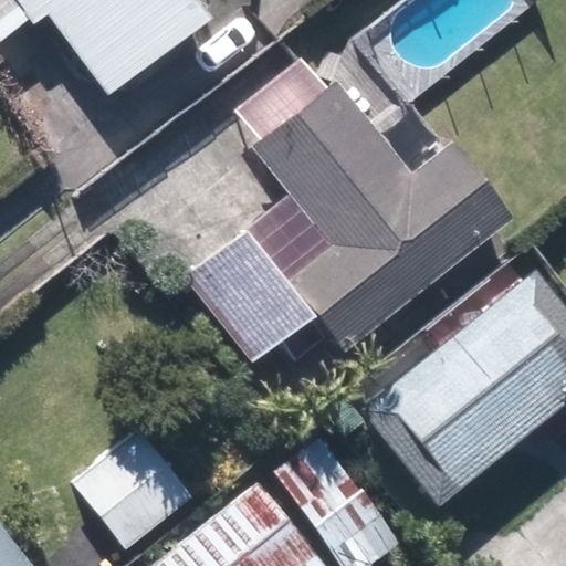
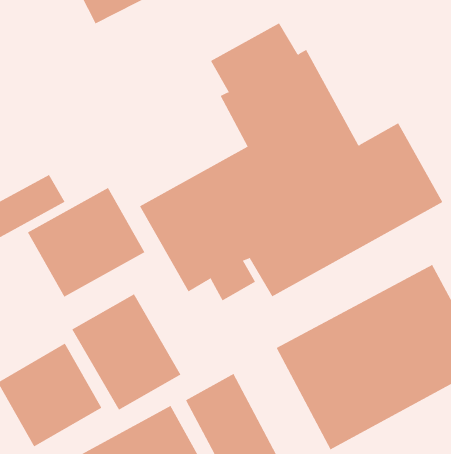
building: none -> [27,187,145,298]
building: none -> [72,293,181,411]

